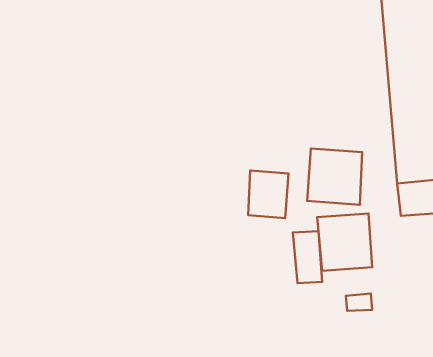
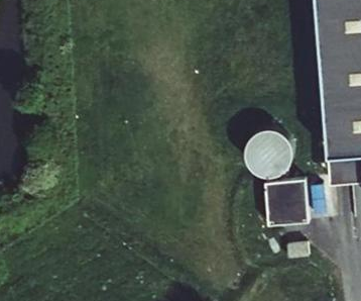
building: [248,171,288,218] -> none
building: [293,231,322,283] -> none

